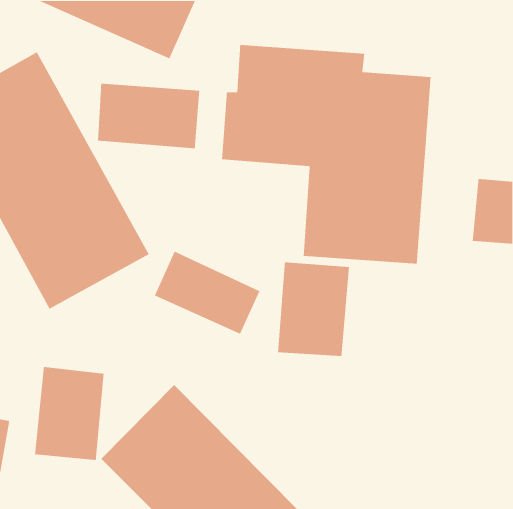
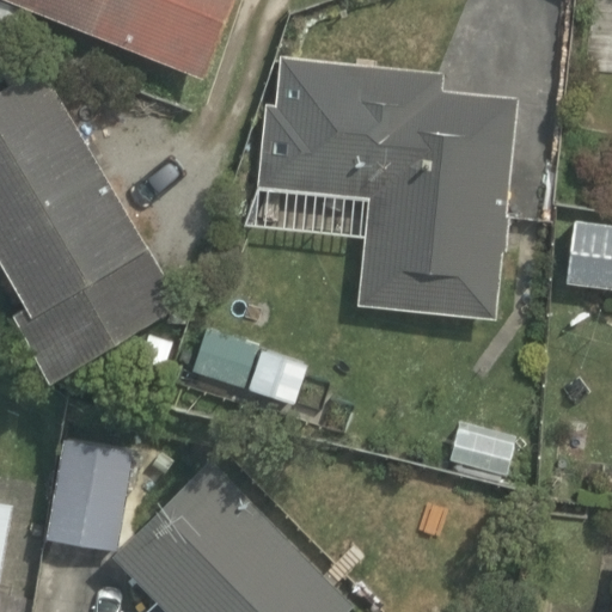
building: [97,83,200,149] -> none
building: [277,261,350,357] -> none

